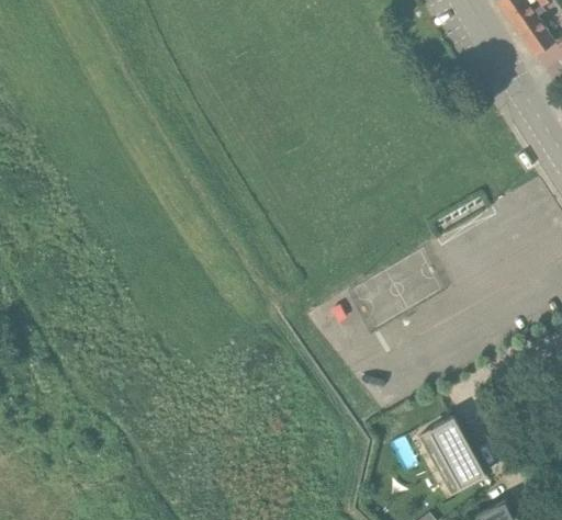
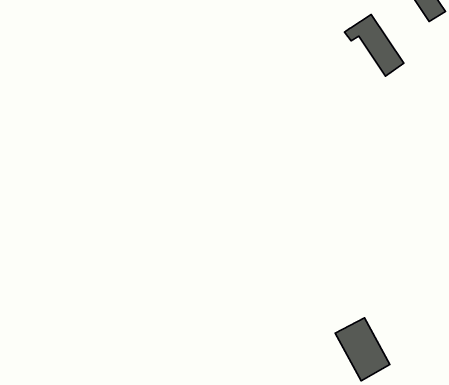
building: none -> [345,14,404,76]

